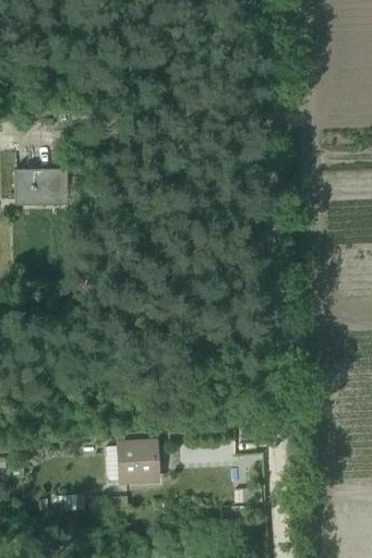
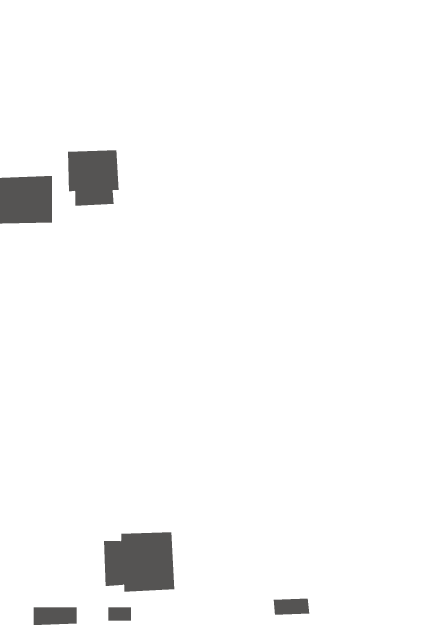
building: none -> [67,149,119,206]

